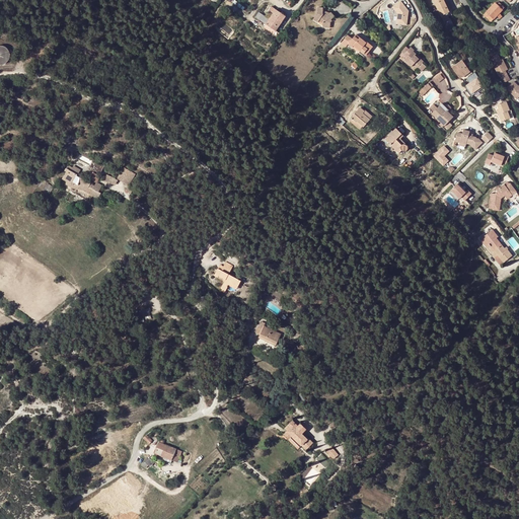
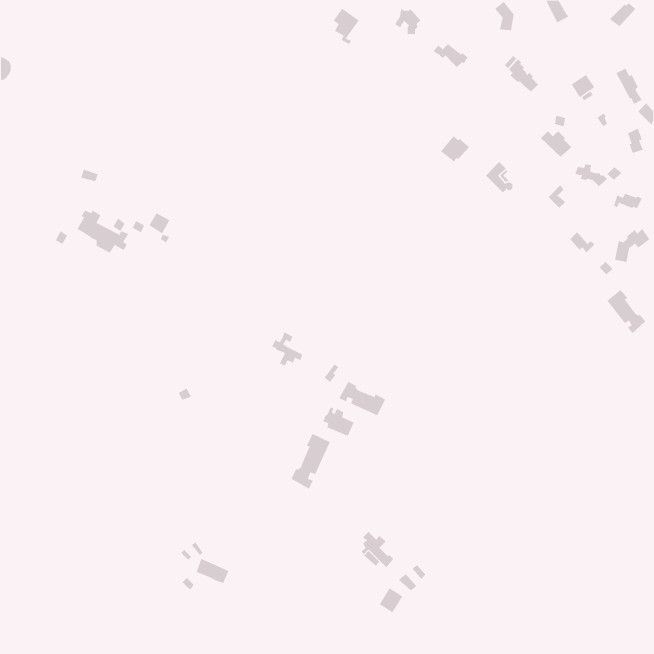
building: none -> [339,381,386,416]
building: none -> [291,433,330,489]

